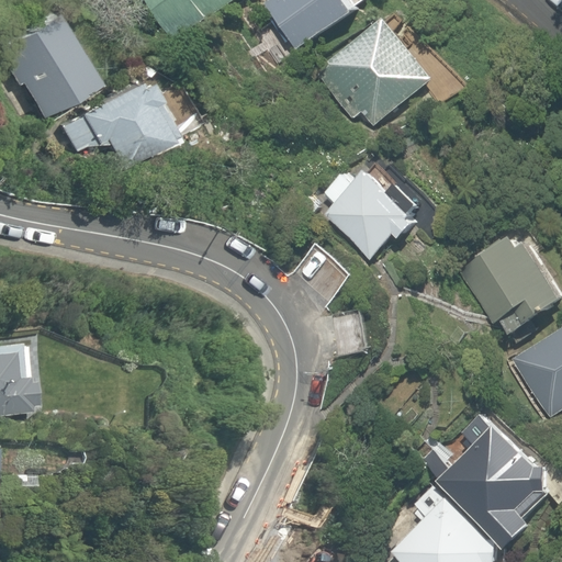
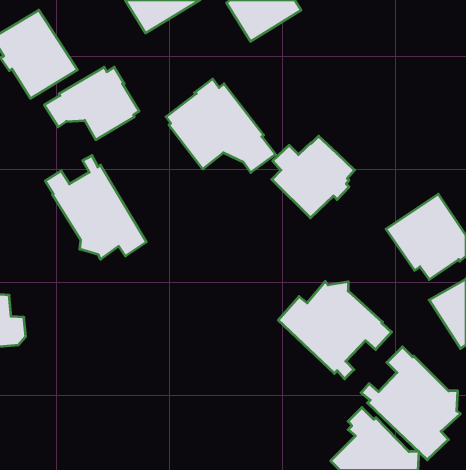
building: [316,16,436,126] -> none
building: none -> [166,79,276,173]
building: none -> [45,155,146,259]
building: none -> [278,281,392,379]

